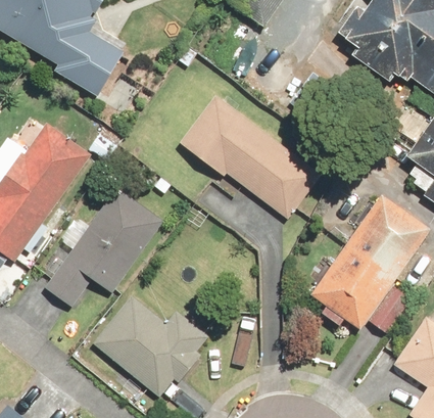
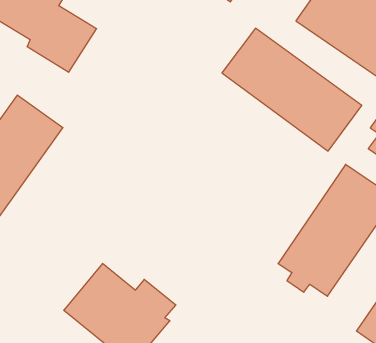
building: [181,94,325,221] -> [222,28,362,151]
building: [44,185,165,308] -> none

